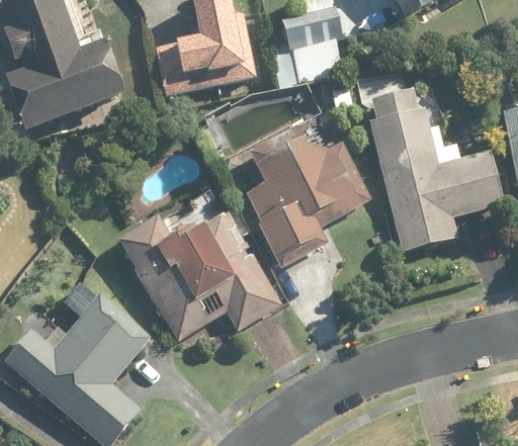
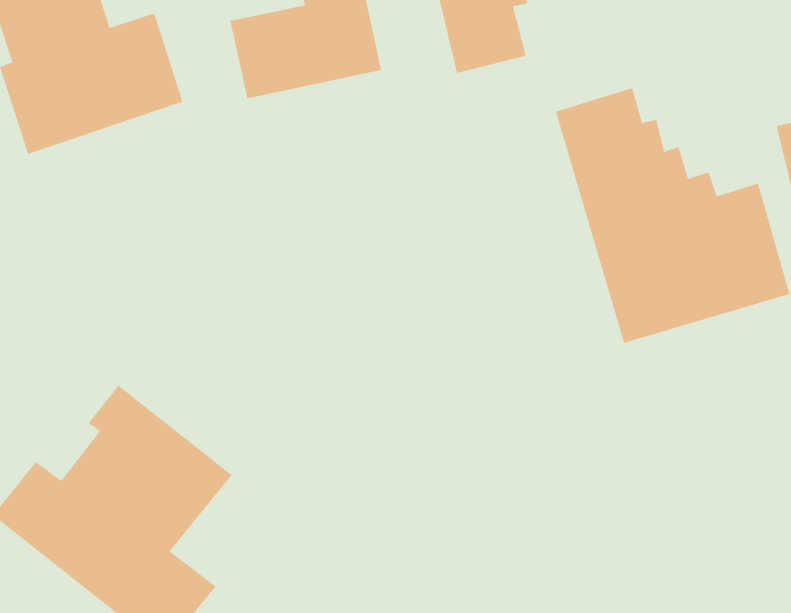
building: [245,127,374,270] -> none
building: [119,184,285,338] -> none

